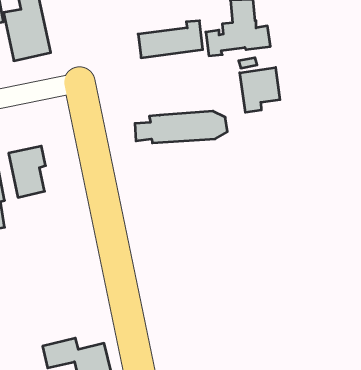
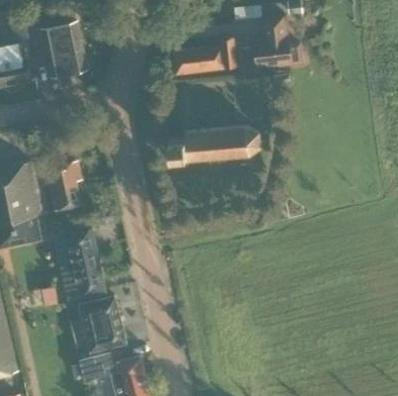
building: [240,67,280,112] -> none
building: none -> [54,222,106,300]
building: none -> [78,296,128,355]

